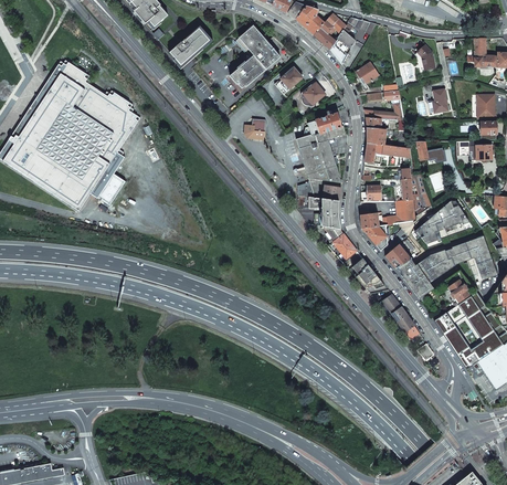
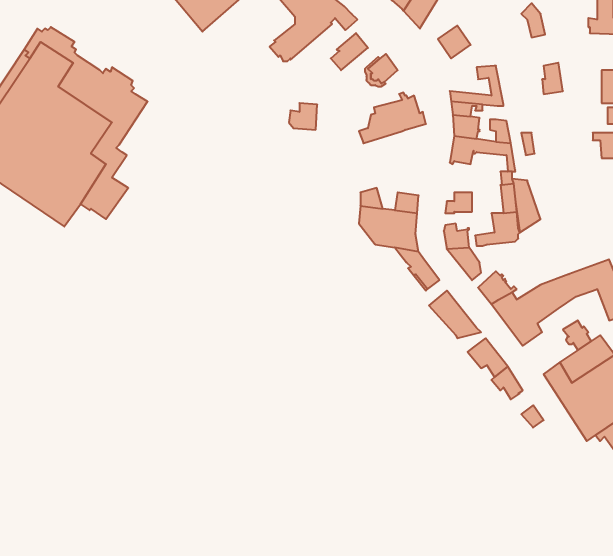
building: [300,140,341,182] -> none
building: [415,198,469,244] -> none

